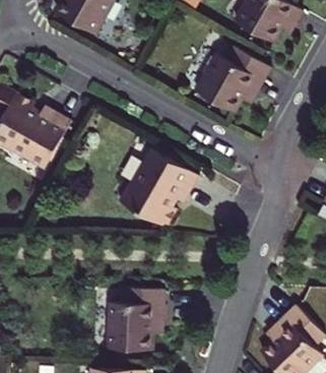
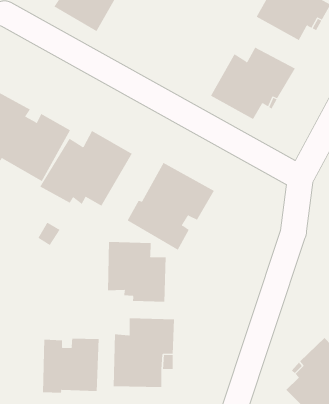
building: none -> [39,130,133,206]
building: none -> [107,241,166,302]
building: none -> [42,338,99,394]

